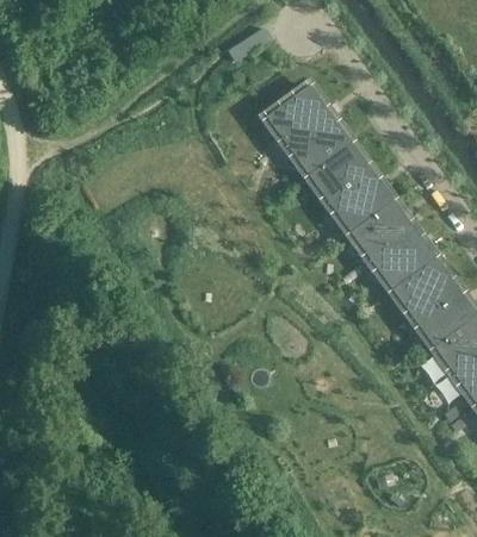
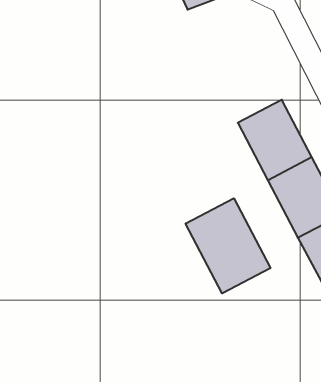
building: [265,85,351,175] -> none
building: none -> [186,198,270,293]

